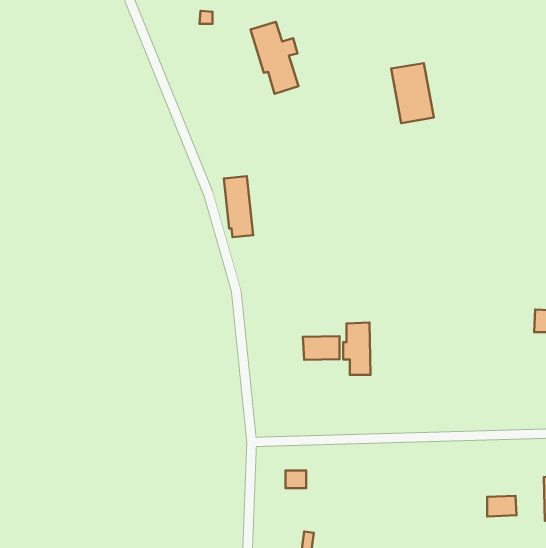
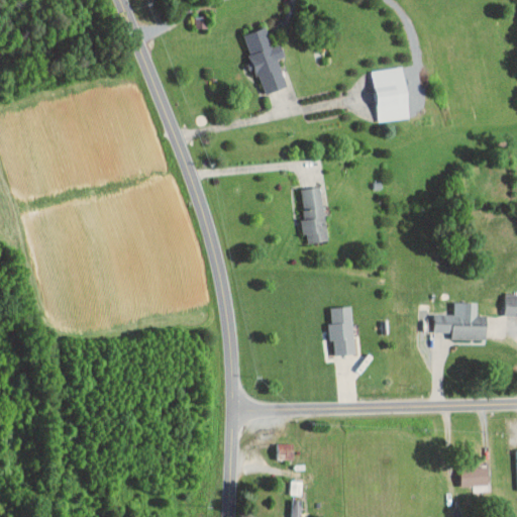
building: [224,176,253,237] -> [300,188,327,244]
building: none -> [432,302,489,340]
building: [303,336,339,360] -> none

